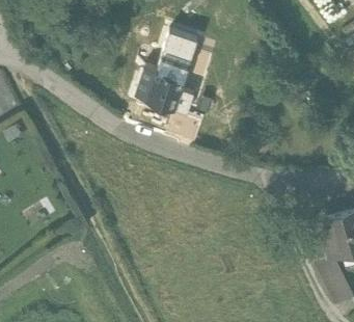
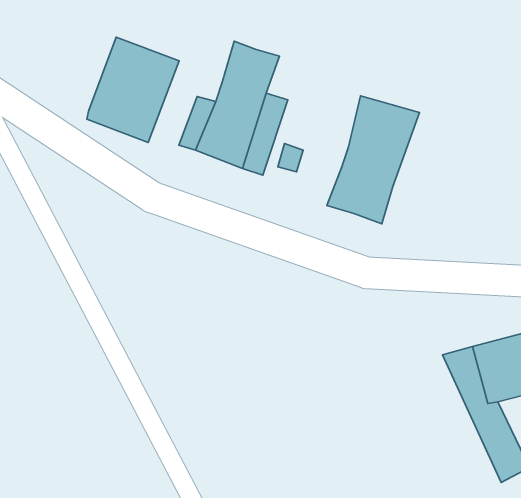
building: none -> [87,37,179,142]
building: none -> [327,96,419,224]

